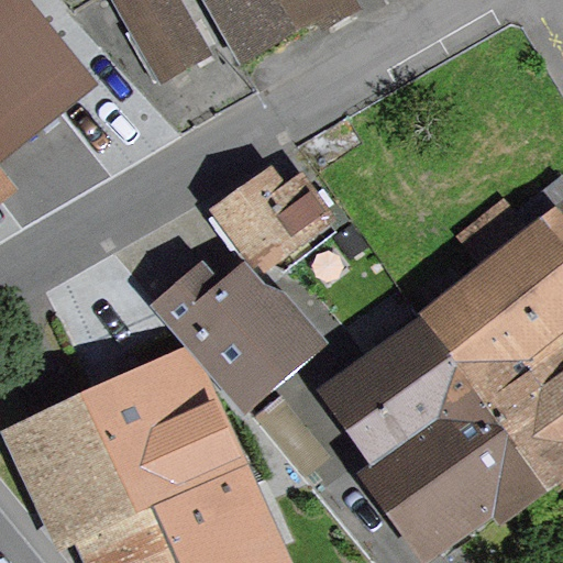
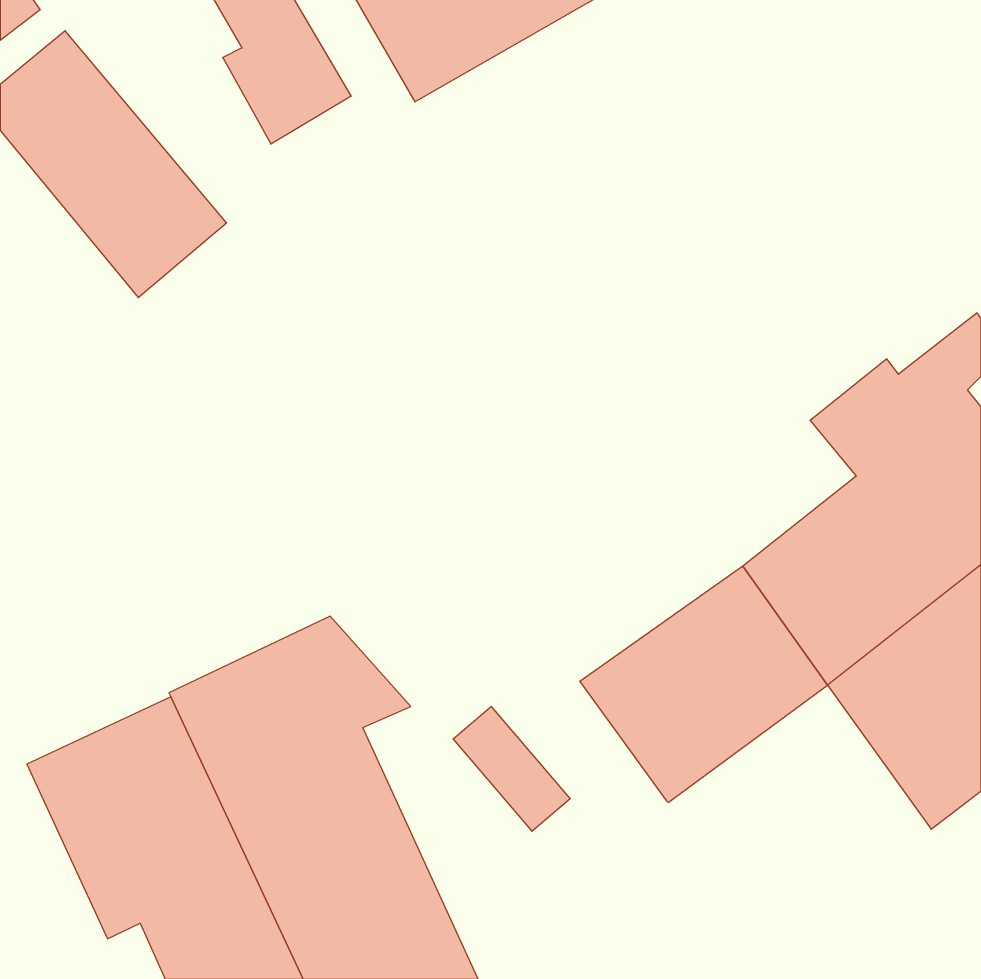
building: [222,179,334,271] -> none
building: [161,274,309,400] -> none
building: [372,393,533,550] -> none

